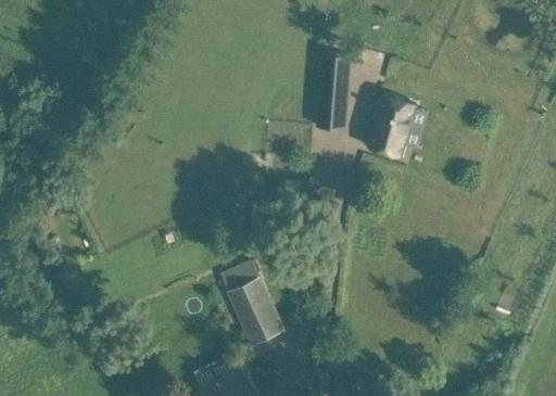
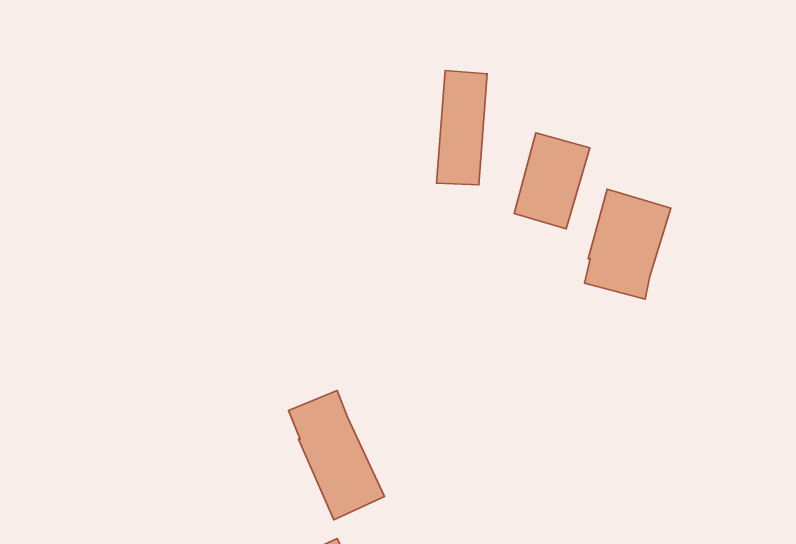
building: none -> [584,189,671,299]

